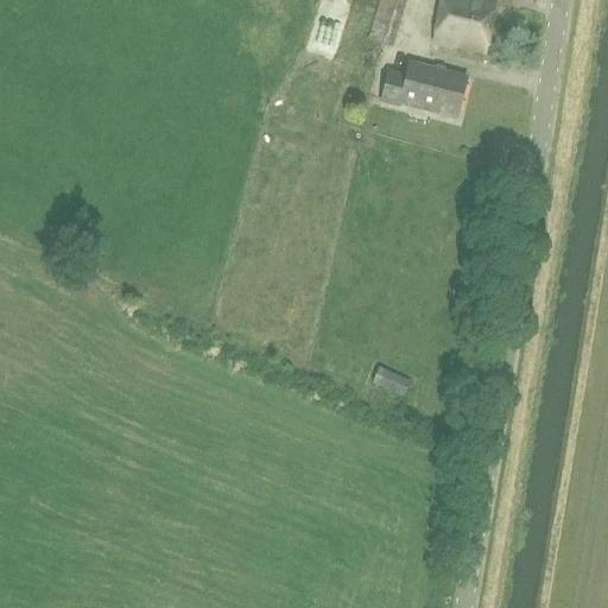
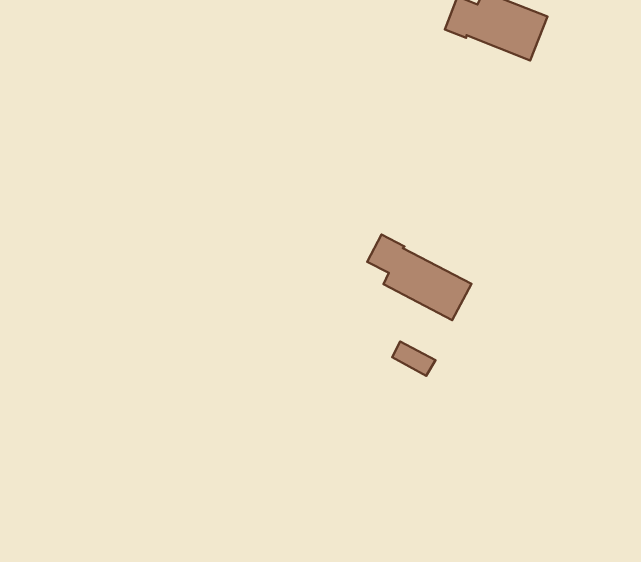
building: none -> [367,234,471,320]

